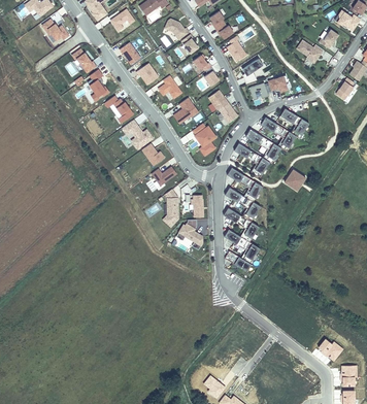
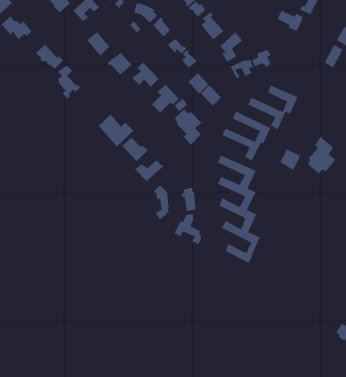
building: [104,95,133,125] -> none
building: none -> [307,136,337,175]

